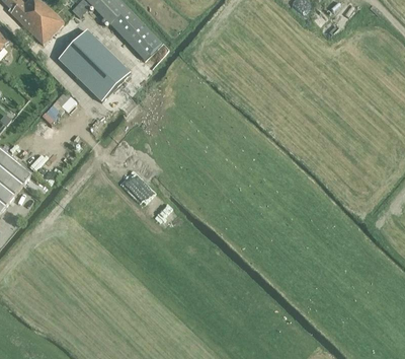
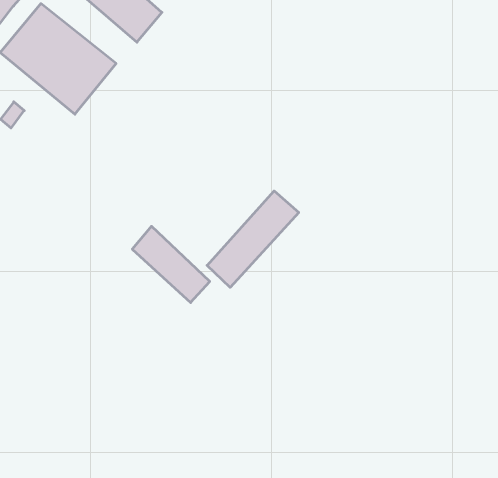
building: none -> [207,191,299,287]

